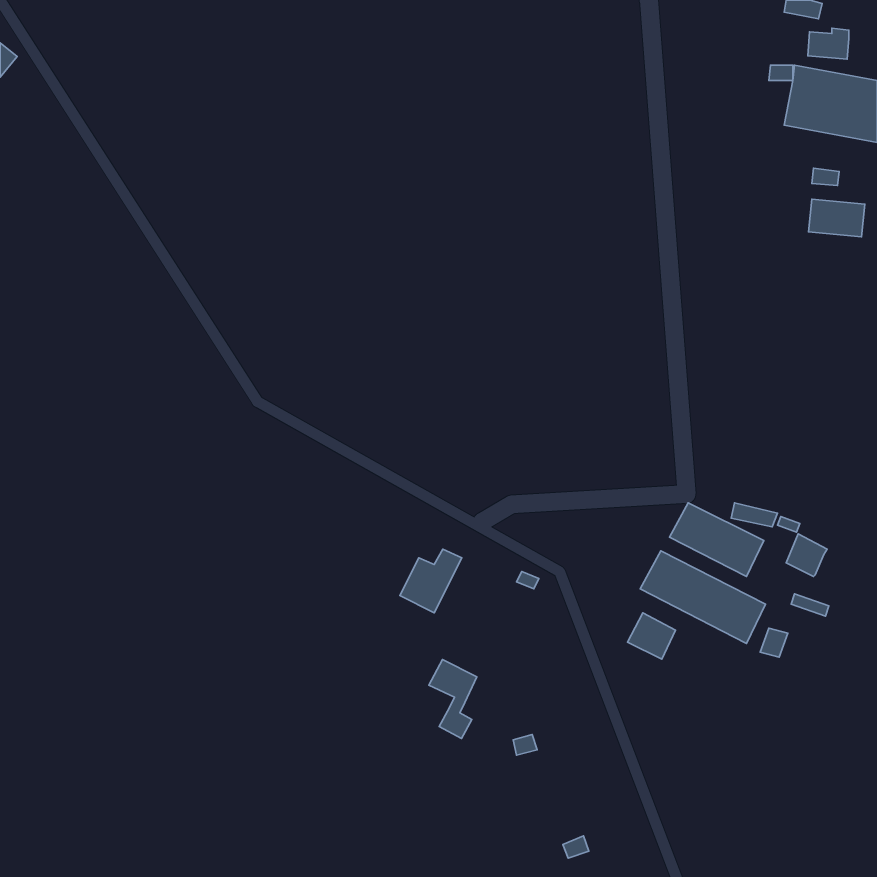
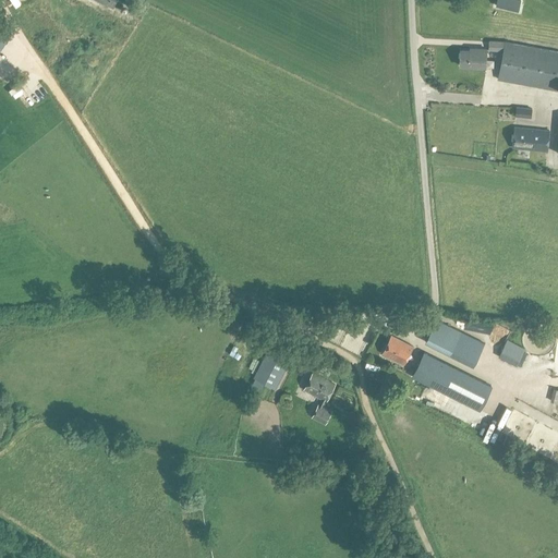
building: [808,28,849,59] -> [460,48,486,68]
building: [628,613,676,659] -> [383,336,413,365]
building: [429,660,477,738] -> [304,374,335,424]

